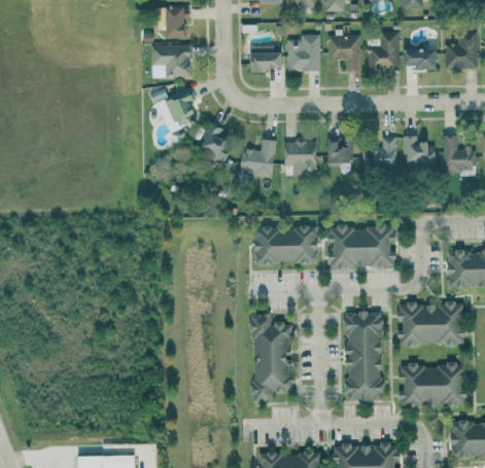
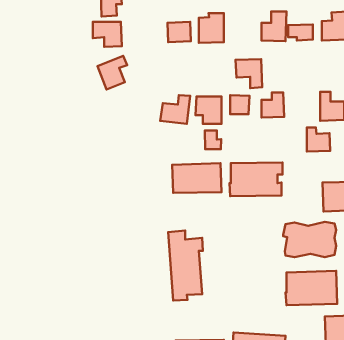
building: [328,35,362,72] -> [236,59,262,88]
building: [200,123,230,160] -> none
building: [405,136,435,167] -> [307,128,330,152]
building: none -> [205,131,221,149]
building: [345,312,381,401] -> none

